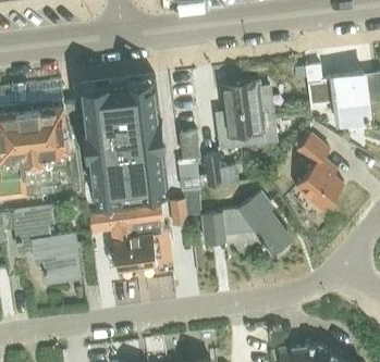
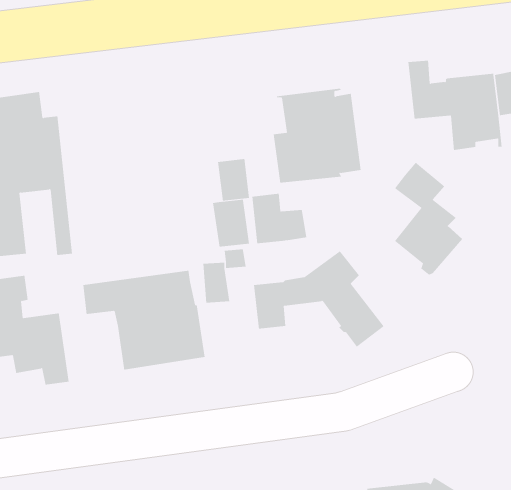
building: [82,80,168,201] -> none

